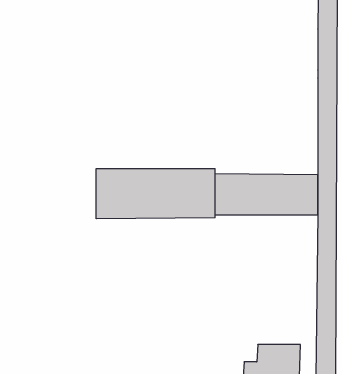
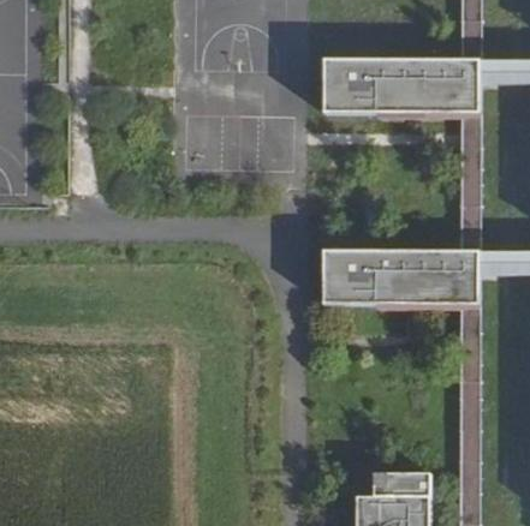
building: none -> [330,59,457,113]
building: [96,169,215,219] -> none

